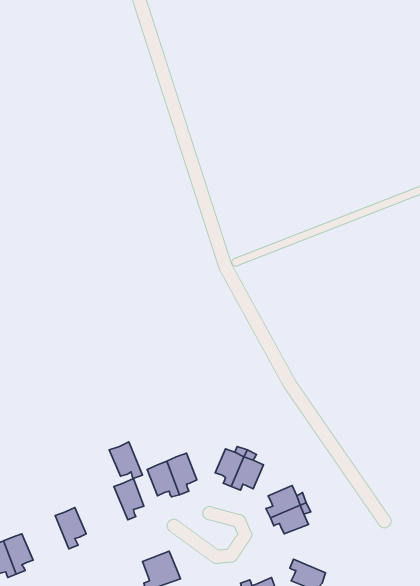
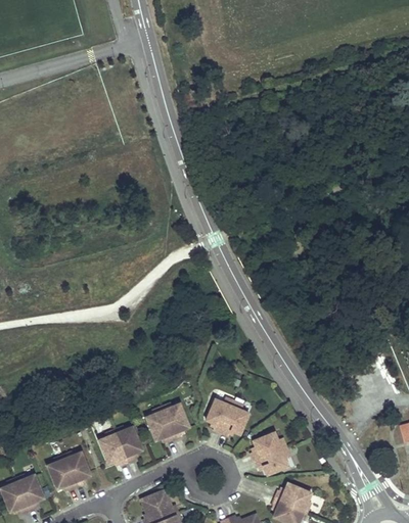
building: [109,442,143,479] -> [98,433,128,466]
building: none -> [47,459,76,491]
building: none -> [275,483,311,510]

